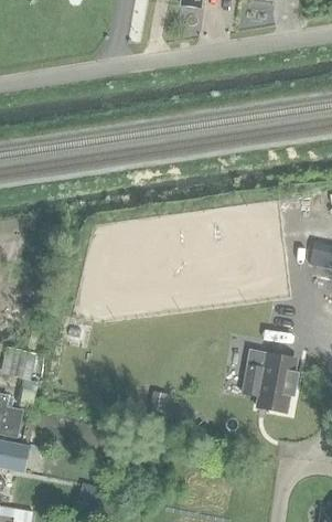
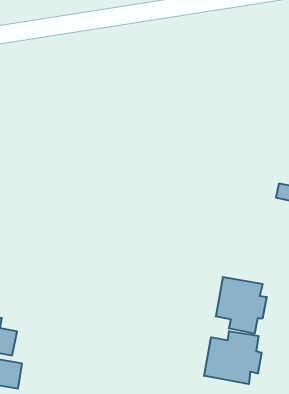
building: none -> [204,331,261,384]

